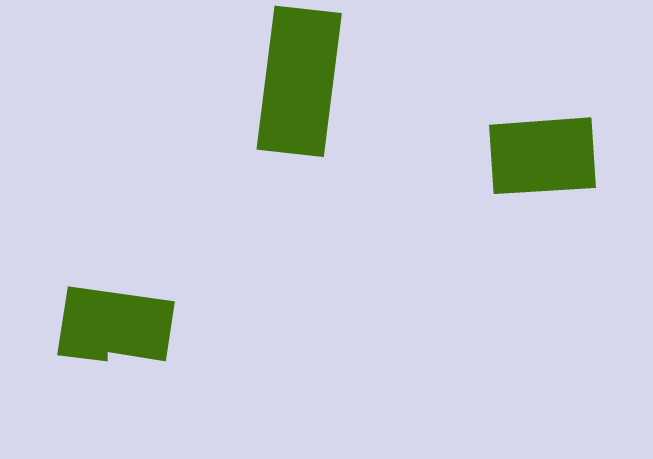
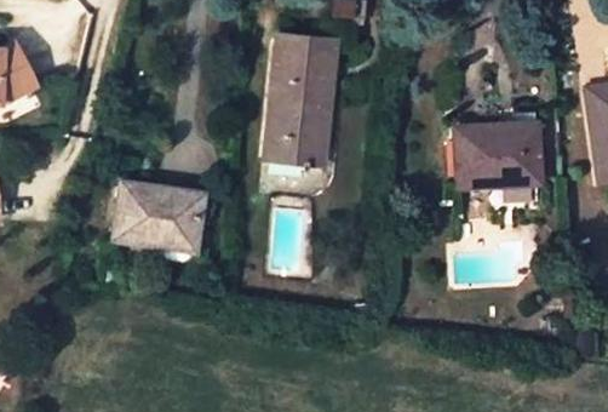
building: [56,285,176,362] -> [110,183,205,244]

